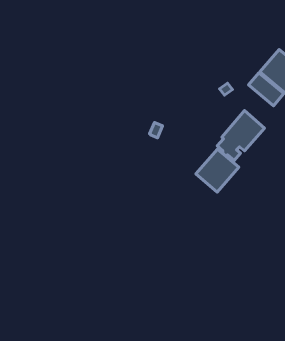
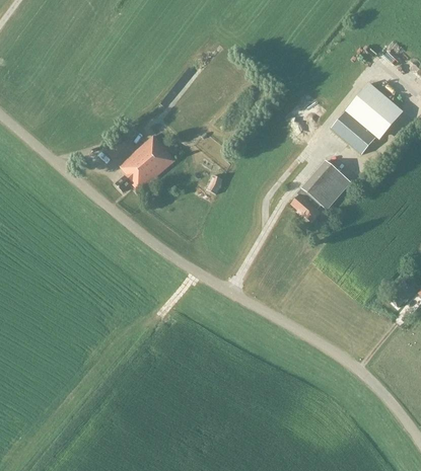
building: none -> [116,135,176,190]
building: [196,149,239,192] -> none

